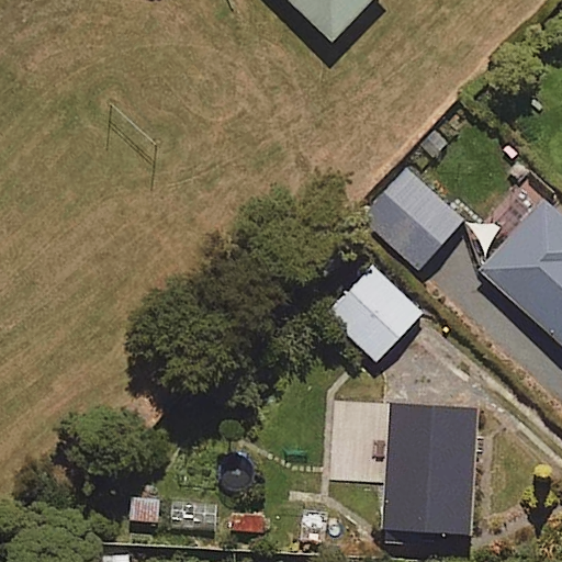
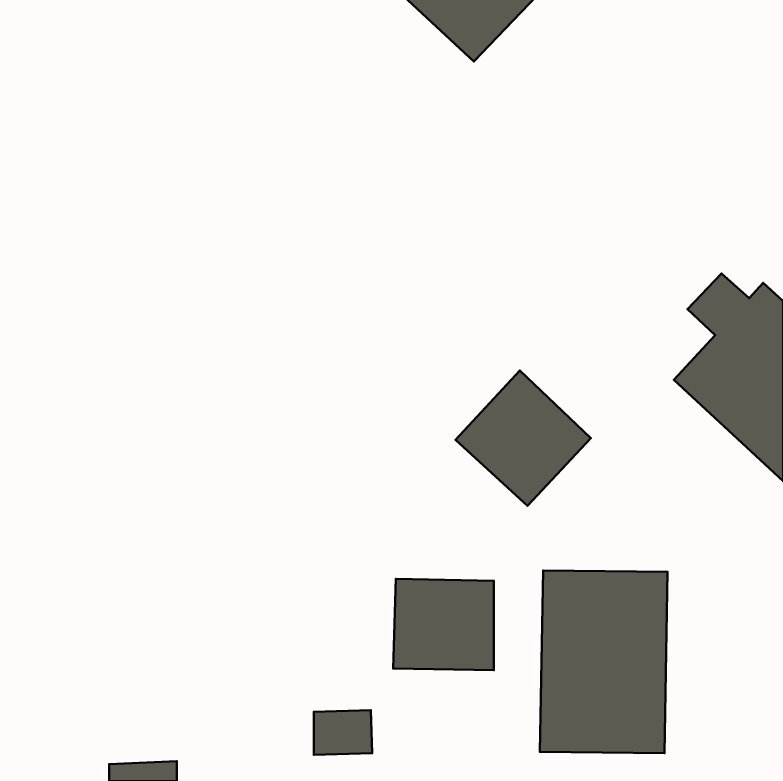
building: [361,167,463,269] -> none
building: none -> [393,579,494,670]

